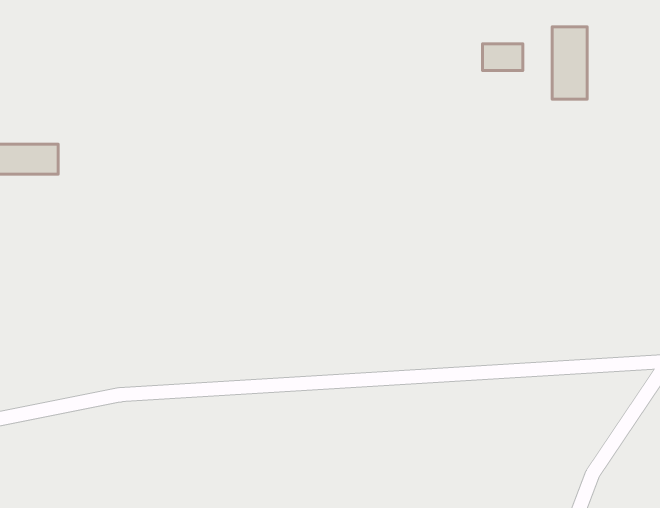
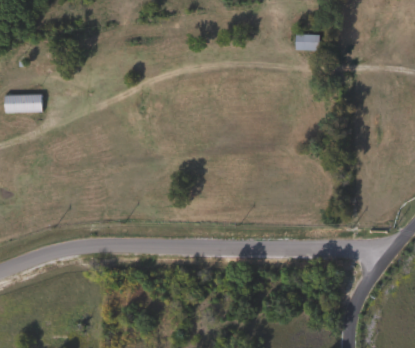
building: [552,27,587,99] -> none

